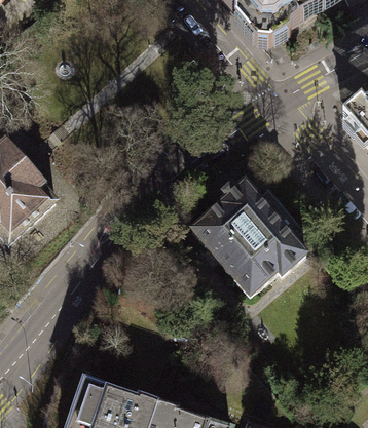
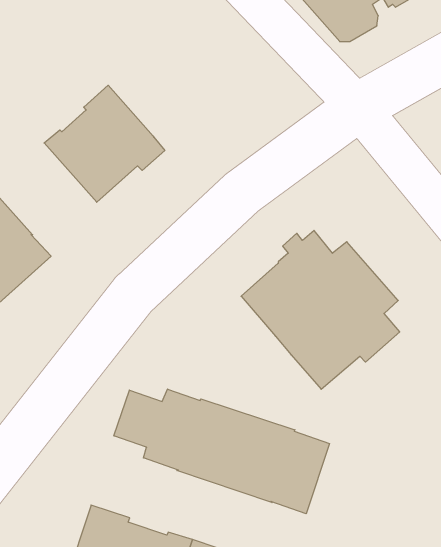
building: none -> [44,85,165,202]
building: none -> [114,389,329,514]

